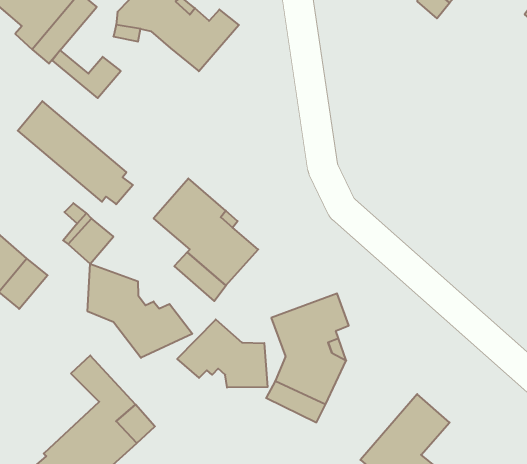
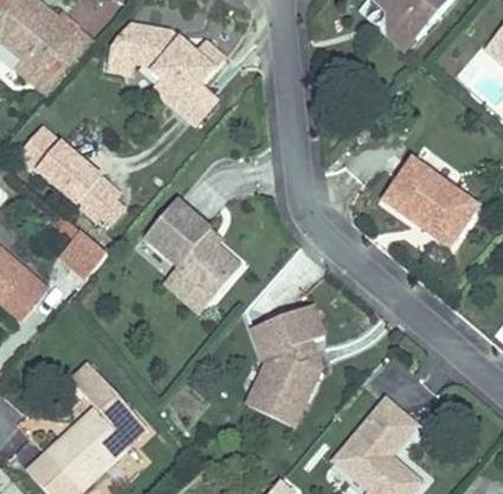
building: [52,50,121,98] -> [152,77,215,121]
building: none -> [383,156,478,244]
building: [88,264,192,358] -> none
building: [177,319,268,388] -> none

